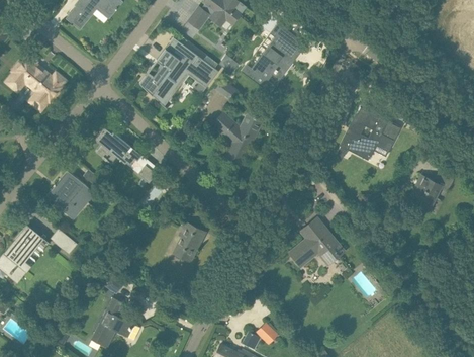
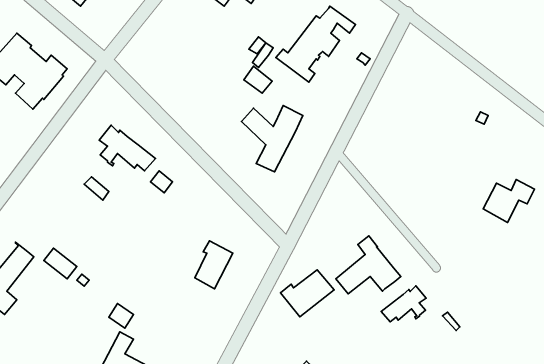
building: [139,37,218,110] -> none
building: [337,108,400,158] -> none
building: [48,170,94,219] -> none
building: none -> [281,270,334,317]
building: none -> [381,286,426,322]

